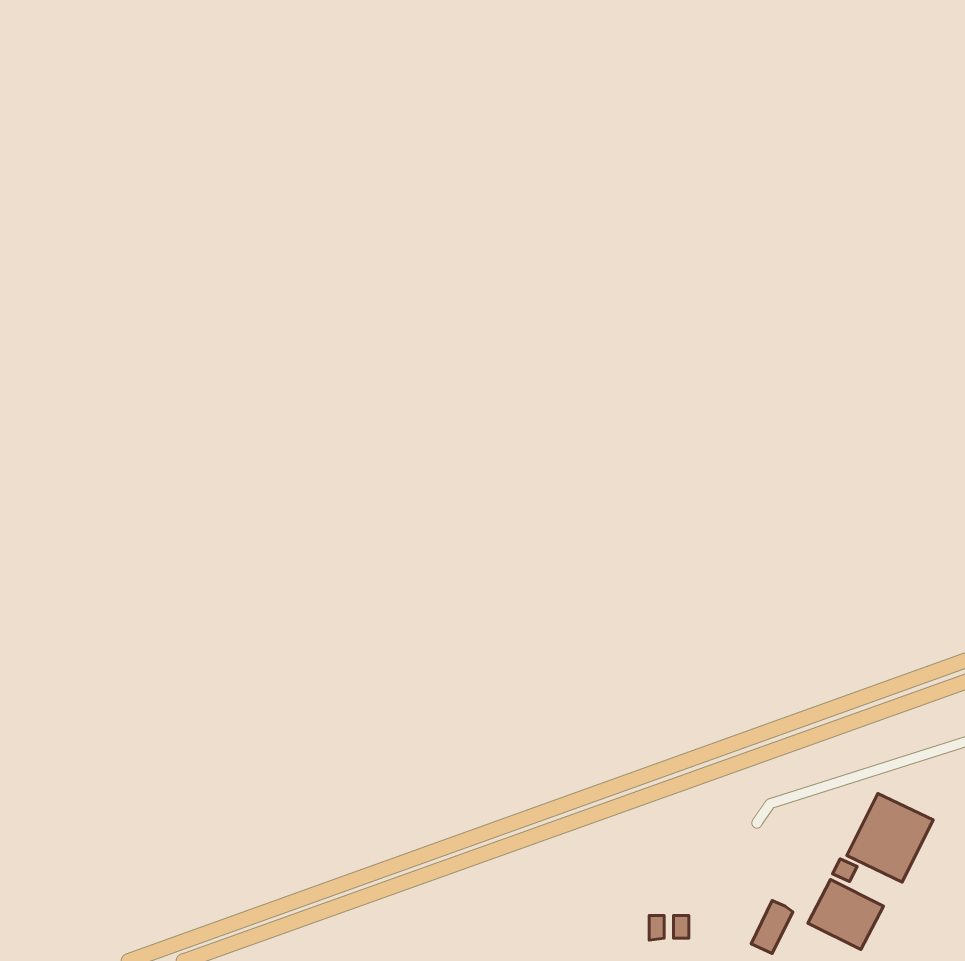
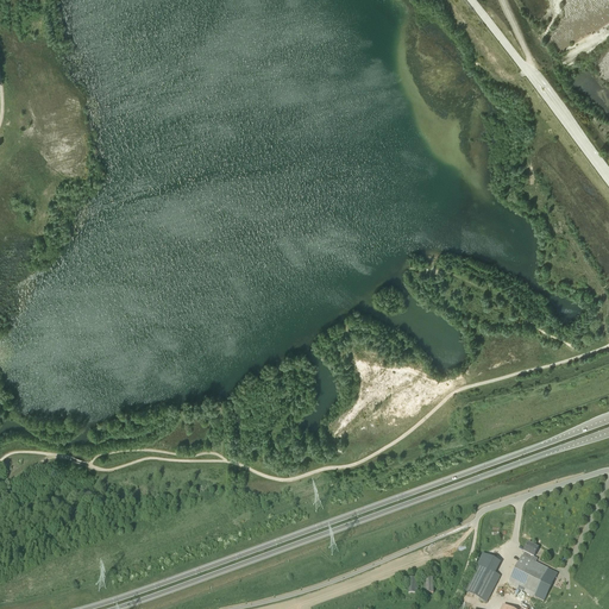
building: [847,793,933,882] -> none

